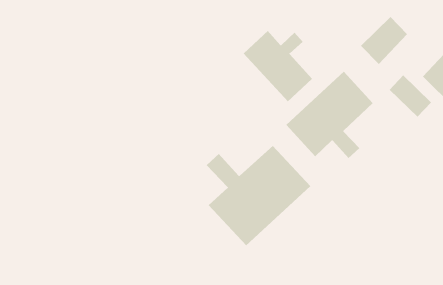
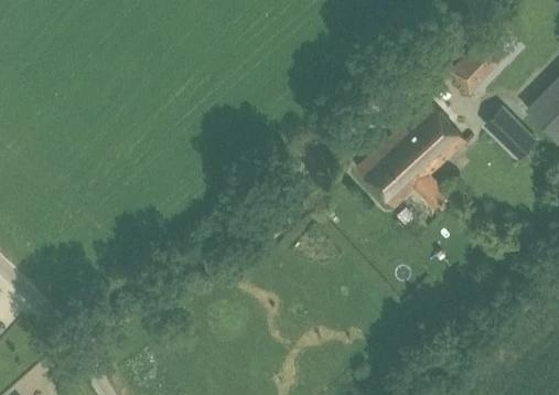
building: [243,30,313,102] -> none
building: [206,145,311,246] -> none

